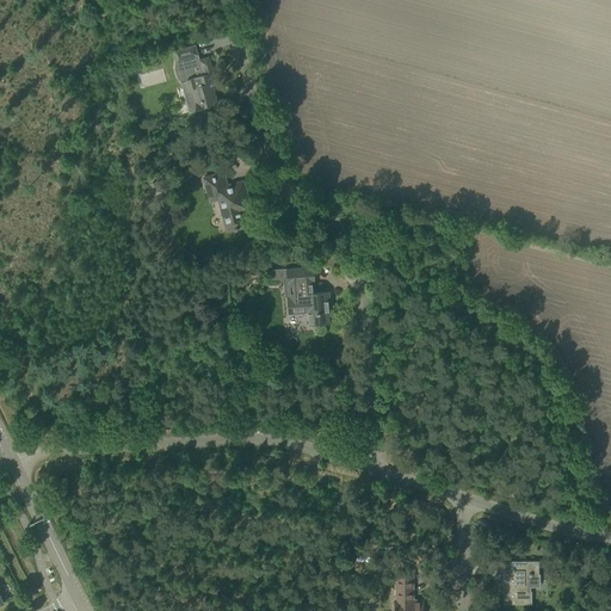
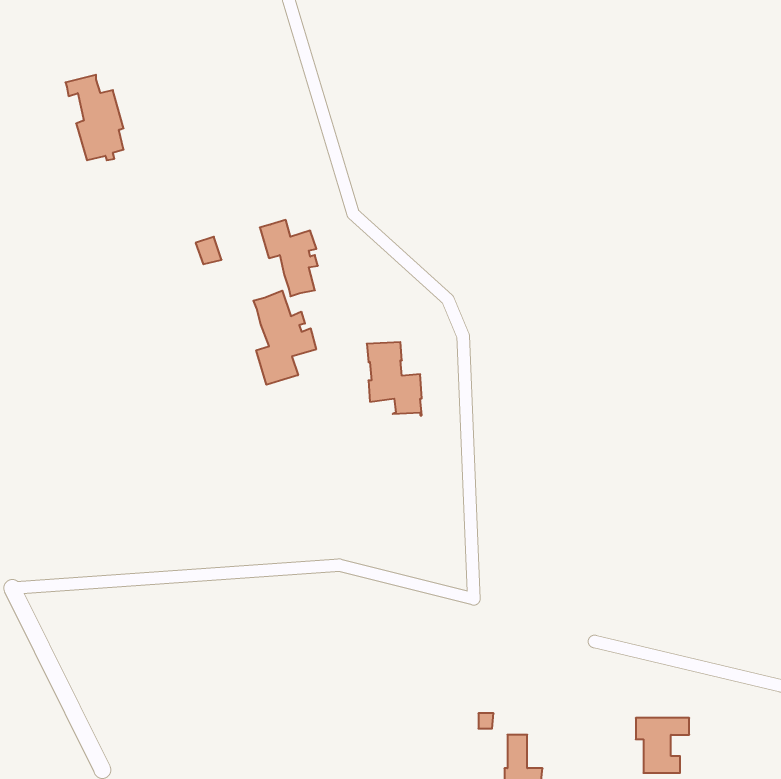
building: [172,45,217,112] -> [65,75,124,160]
building: none -> [253,291,316,385]

